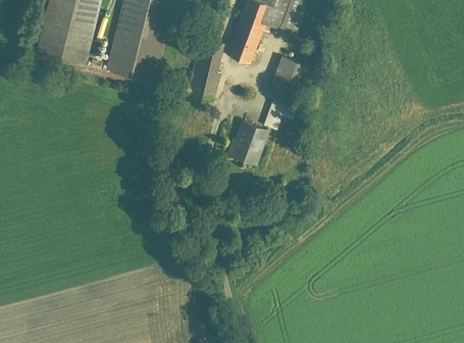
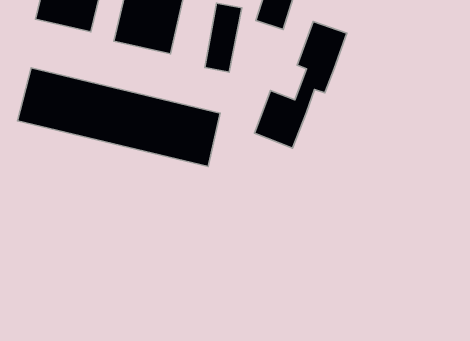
building: none -> [18,68,220,166]

